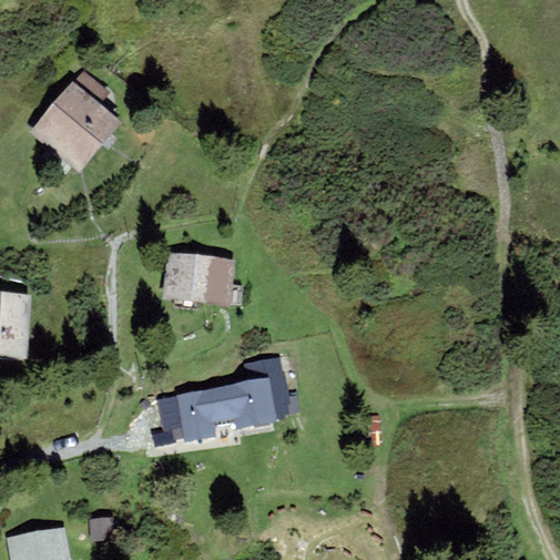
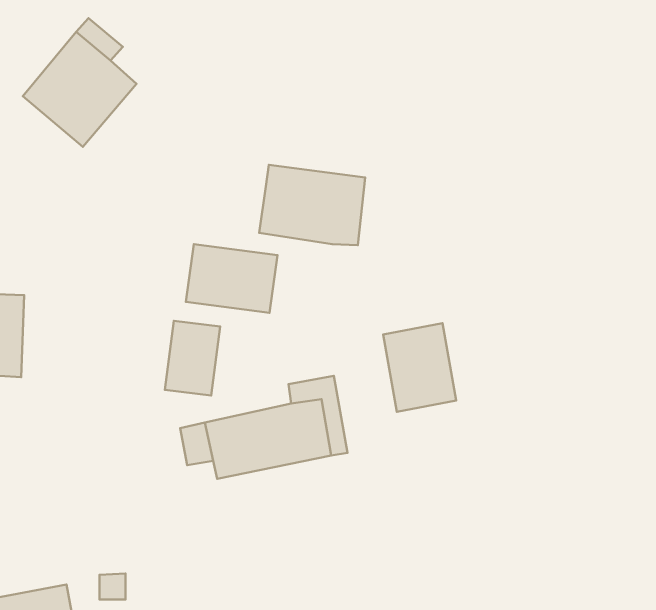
building: none -> [259,165,365,245]
building: none -> [165,321,220,396]
building: none -> [383,323,456,412]

